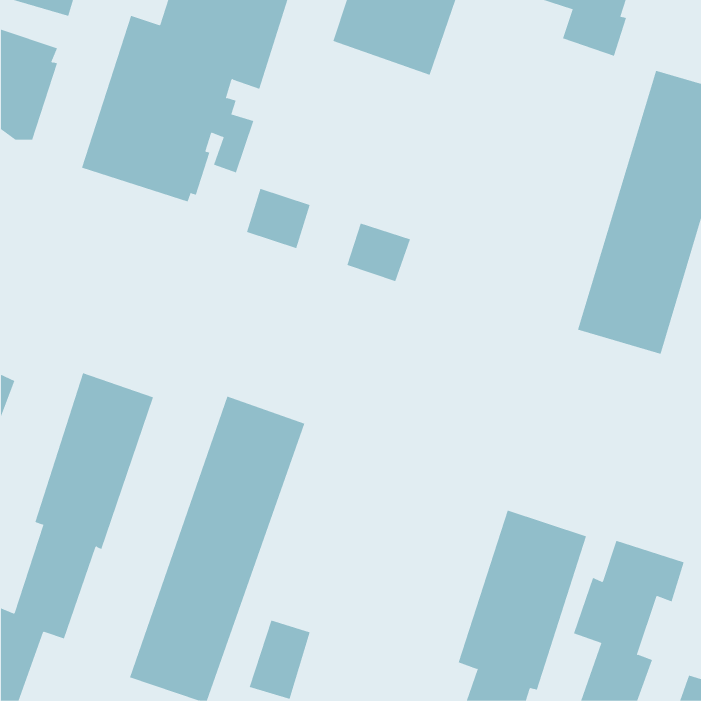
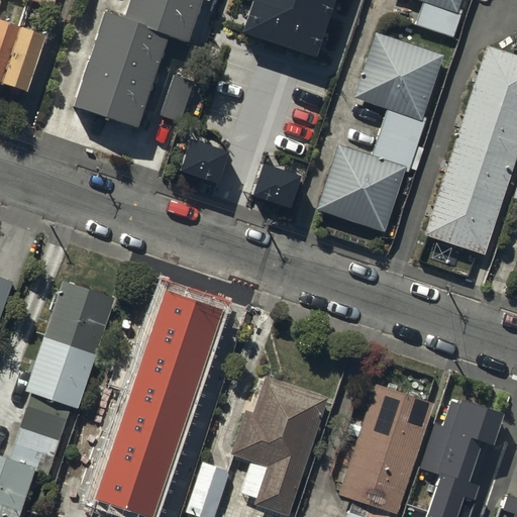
building: none -> [316,39,441,239]
building: none -> [229,371,326,508]

